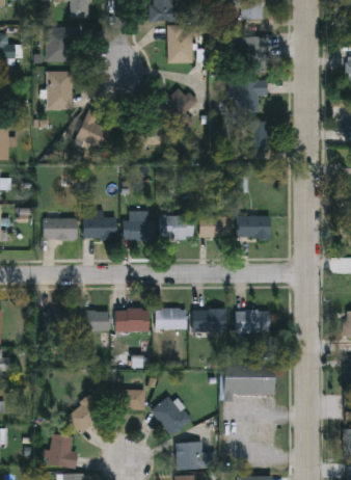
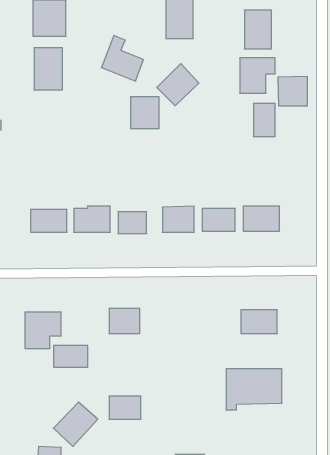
building: none -> [278,76,307,106]
building: [78,109,116,151] -> [101,36,143,81]
building: [156,308,187,329] -> none
building: [193,309,227,331] -> none
building: [79,311,110,330] -> [54,345,88,367]
building: [152,394,192,436] -> none

